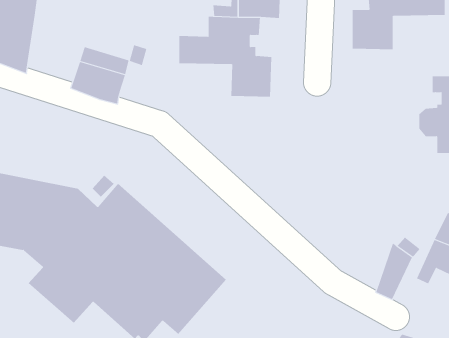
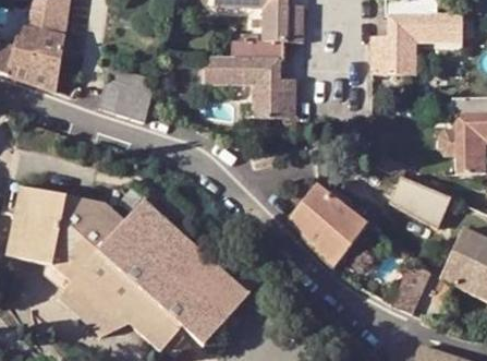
building: none -> [390,175,451,228]
building: none -> [287,184,367,268]

